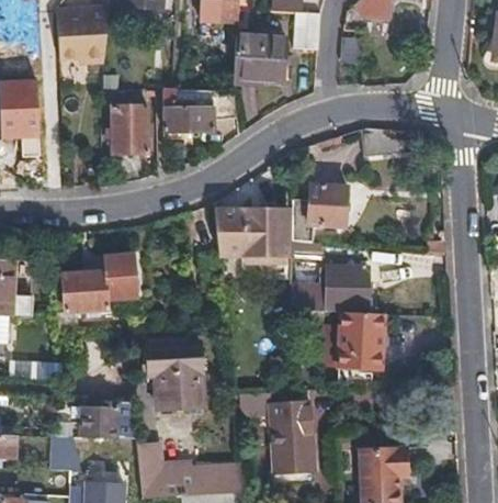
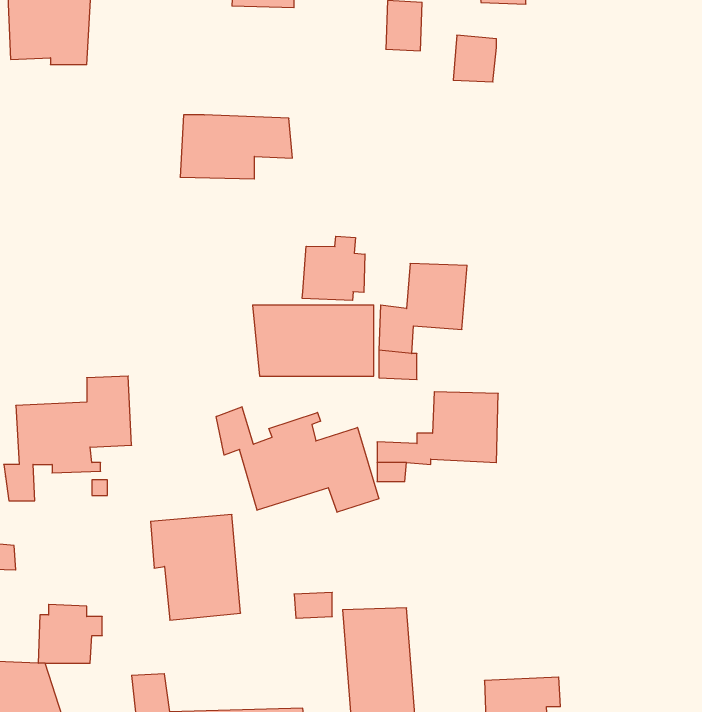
building: [235,32,286,80] -> none
building: [116,105,156,152] -> none
building: none -> [302,236,365,300]
building: none -> [216,407,379,512]
building: [338,312,383,368] -> none

